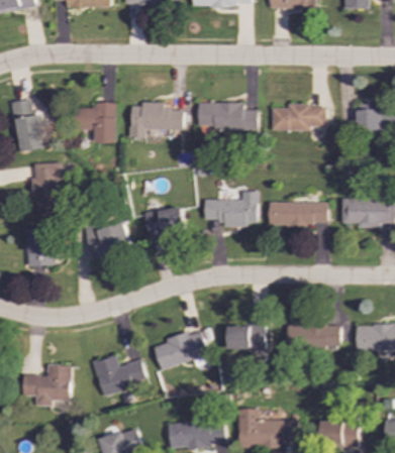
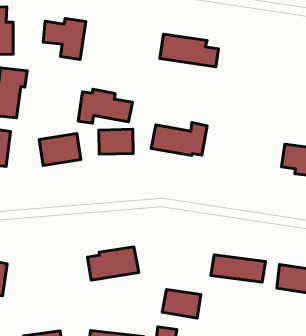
building: [130,102,184,137] -> [78,89,132,123]
building: [271,105,325,130] -> none
building: [268,202,327,226] -> none
building: [227,325,265,350] -> [162,290,201,318]
building: [93,355,145,397] -> none

